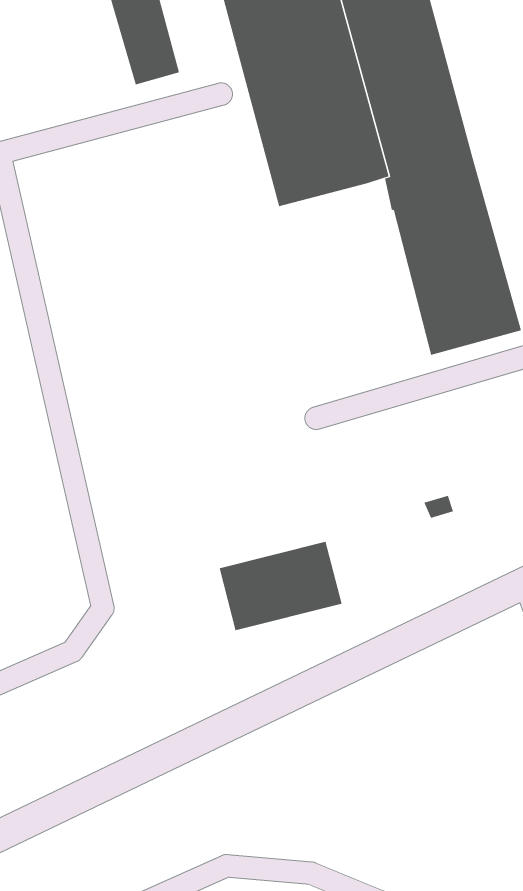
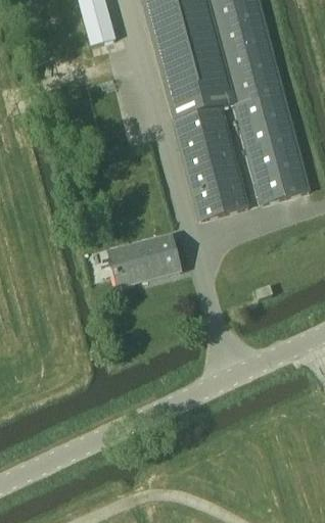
building: none -> [173,105,249,220]
building: [219,541,342,631] -> [109,234,180,285]

